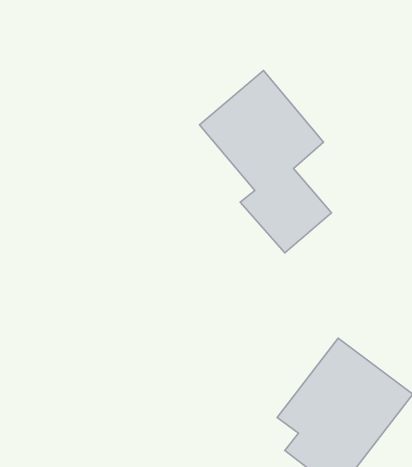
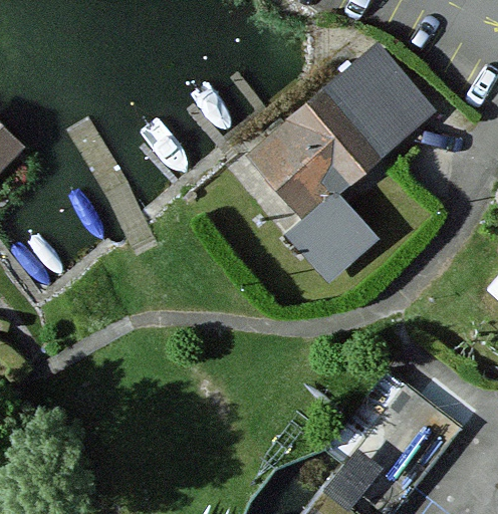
building: none -> [309,42,433,168]

